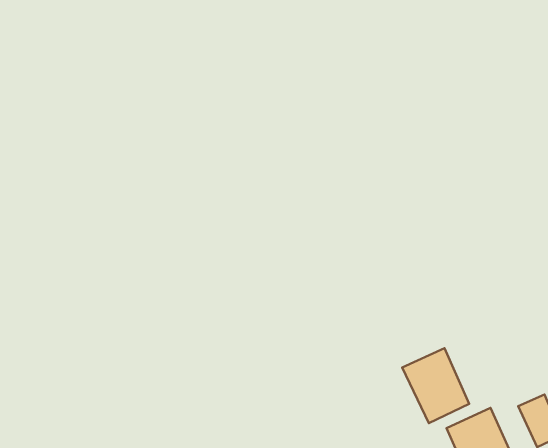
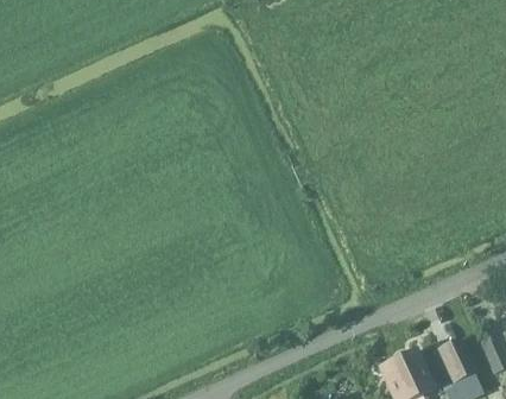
building: [402,348,469,423] -> none

